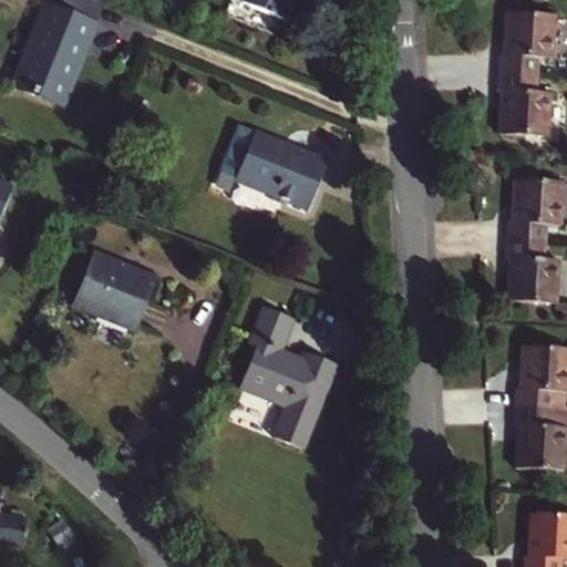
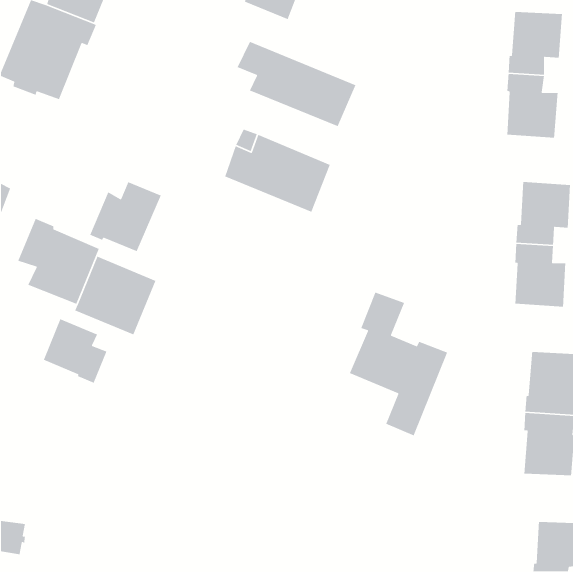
building: none -> [237,41,357,127]
building: none -> [89,181,162,252]
building: none -> [17,218,100,305]
building: [240,307,338,450] -> [349,291,448,437]
building: none -> [43,318,107,384]

